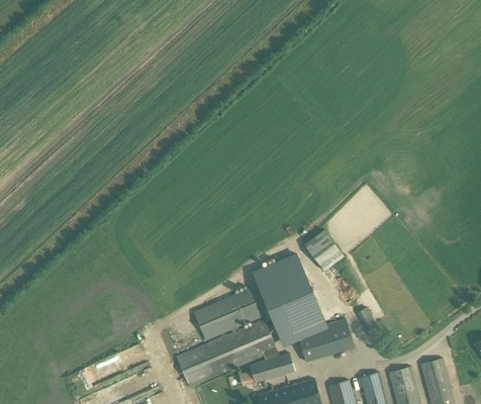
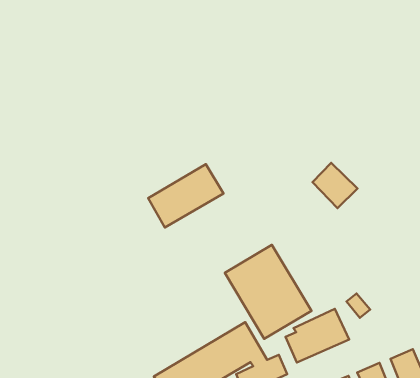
building: [303,229,343,271] -> [312,163,357,208]
building: [193,288,261,339] -> [148,164,223,228]

